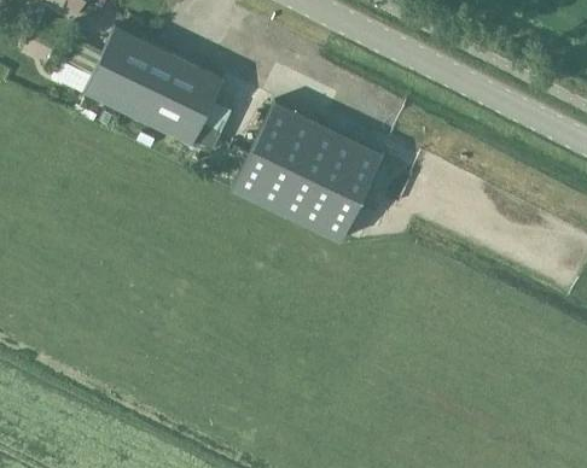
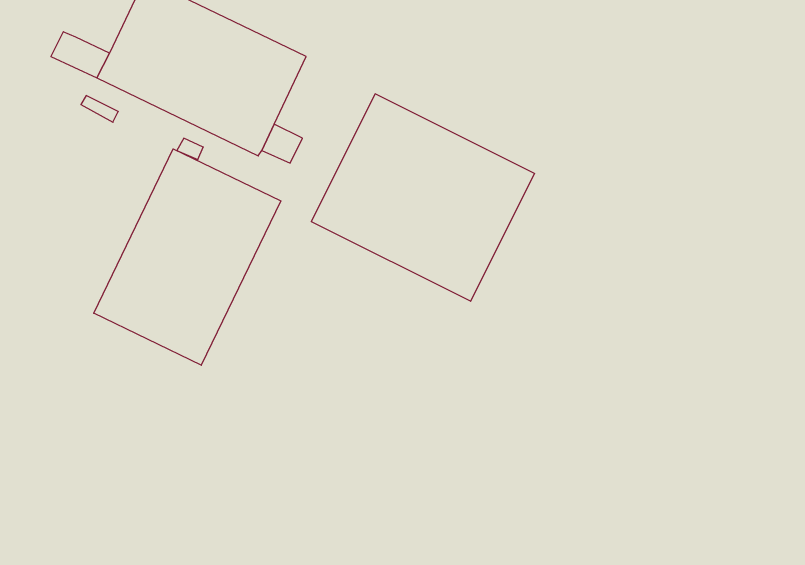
building: none -> [94,149,281,365]

